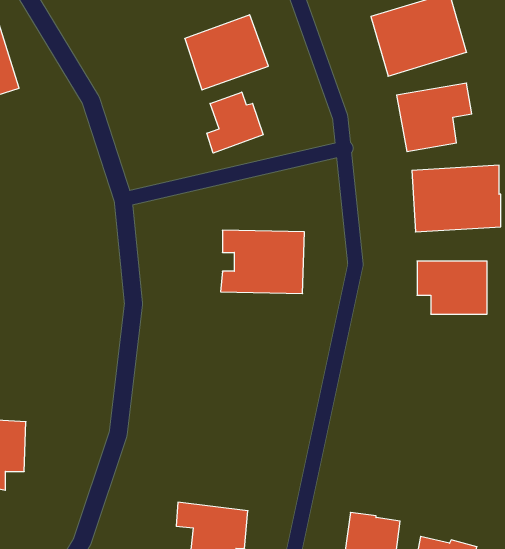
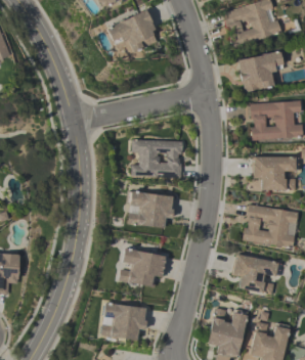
building: [207,92,263,153] -> none
building: none -> [133,191,175,227]
building: none -> [238,204,296,249]
building: none -> [126,248,167,287]
building: none -> [228,253,275,296]

